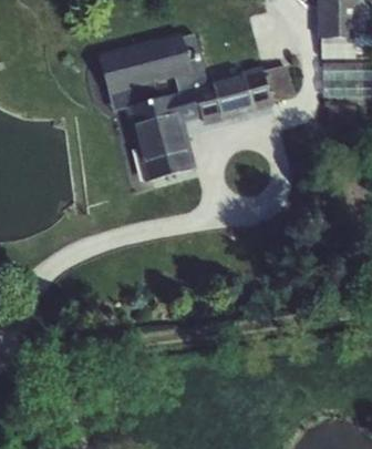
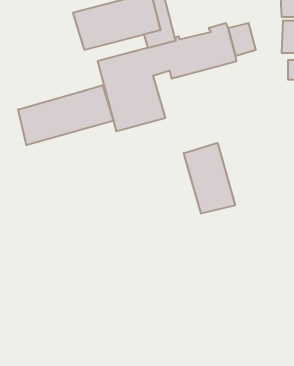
building: none -> [18,85,113,145]
building: none -> [184,143,235,214]

